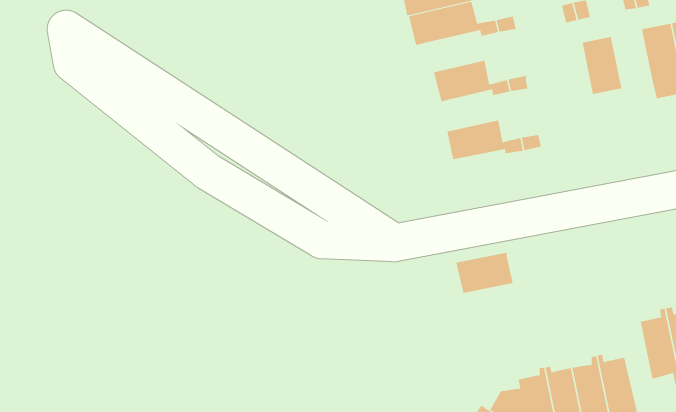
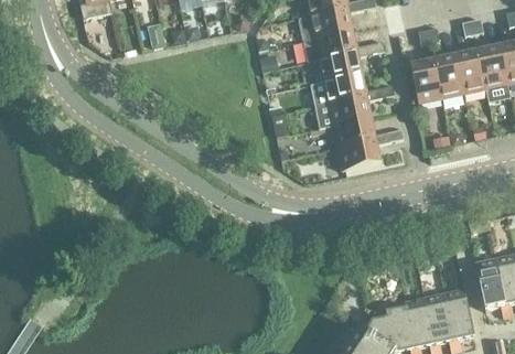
building: none -> [454,47,484,92]
building: none -> [318,49,361,79]
building: none -> [409,57,440,100]
building: none -> [328,93,371,124]
building: [456,252,513,294] -> [336,137,379,168]

